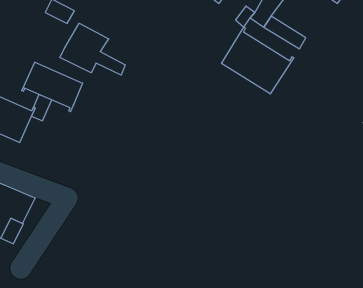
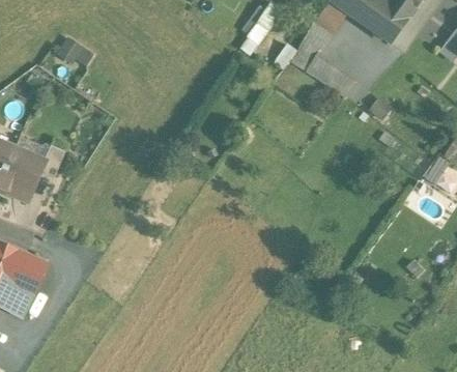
building: [60,23,125,75] -> none
building: [222,27,294,94] -> none
building: [22,62,83,112] -> none

